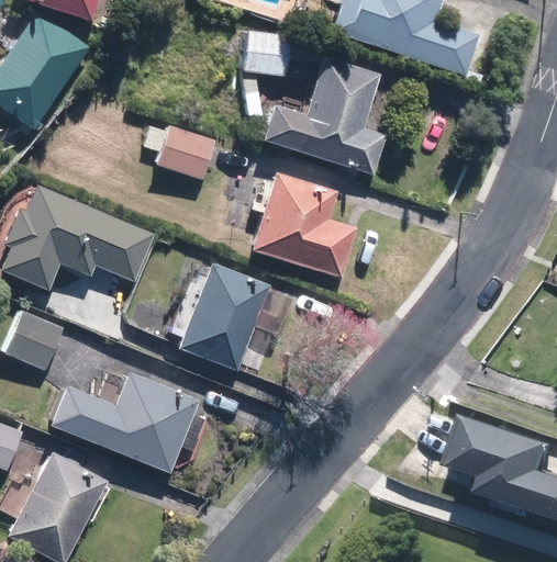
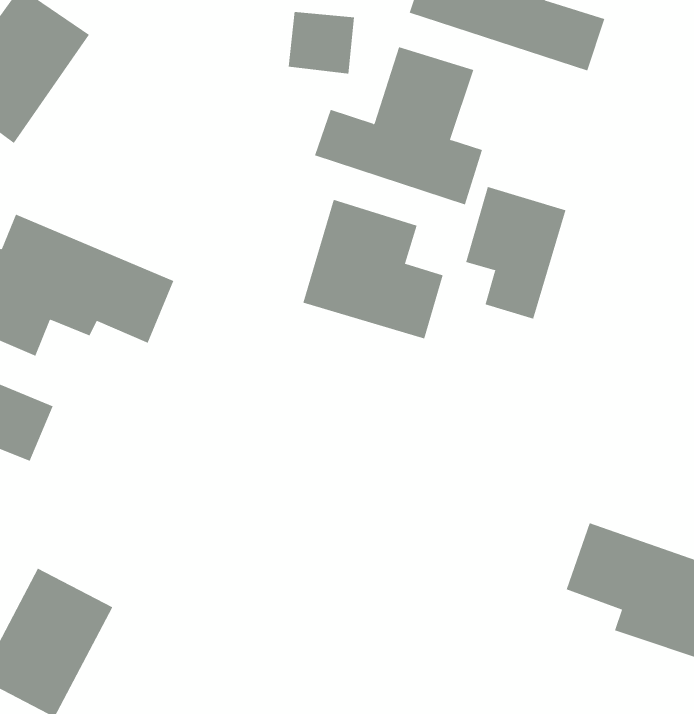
building: [157,127,214,180] -> none
building: none -> [465,186,566,320]
building: [177,261,271,371] -> none
building: [47,371,199,473] -> none

